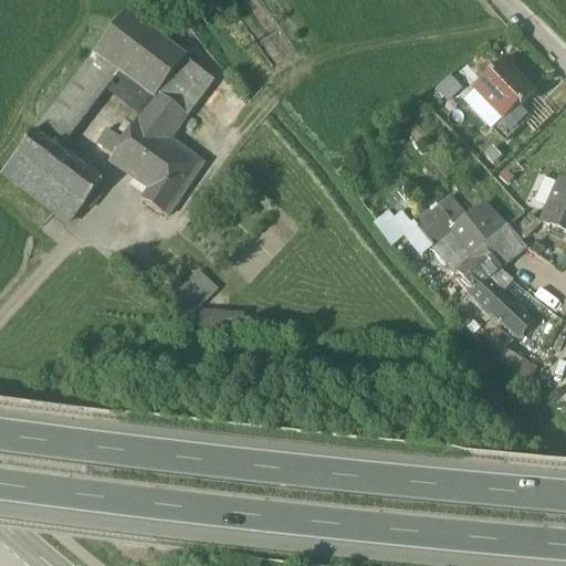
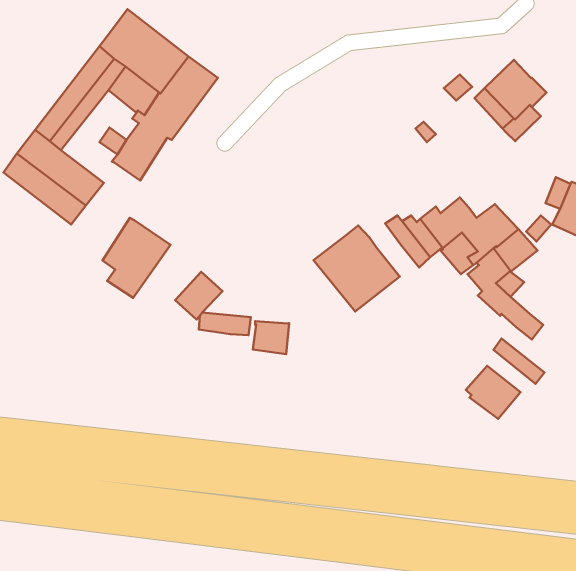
building: [138,135,205,213] -> [103,218,170,298]
building: none -> [314,225,400,311]
building: none -> [253,321,289,354]
building: none -> [466,366,521,419]

